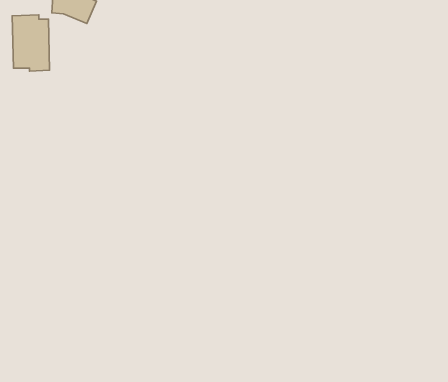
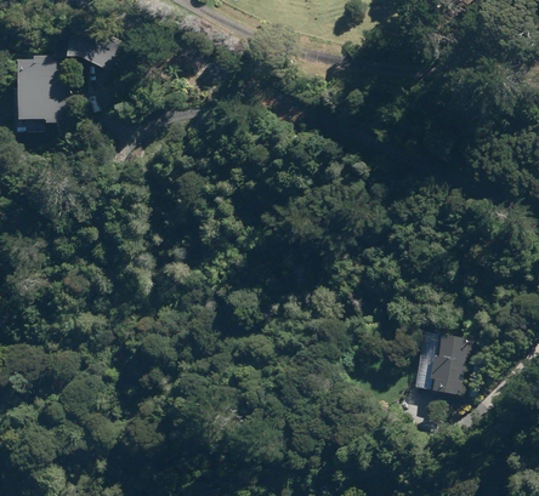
building: none -> [427,335,464,393]

